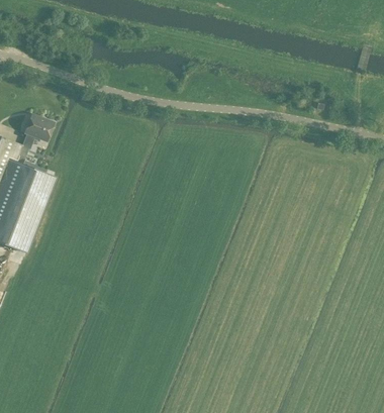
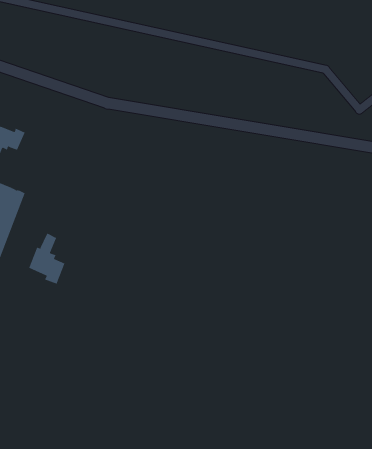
building: none -> [29,233,65,285]

